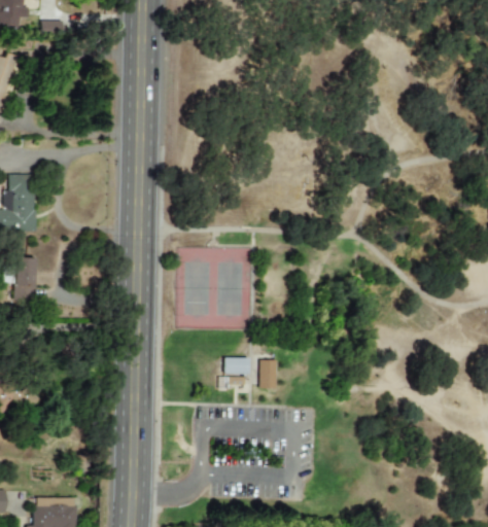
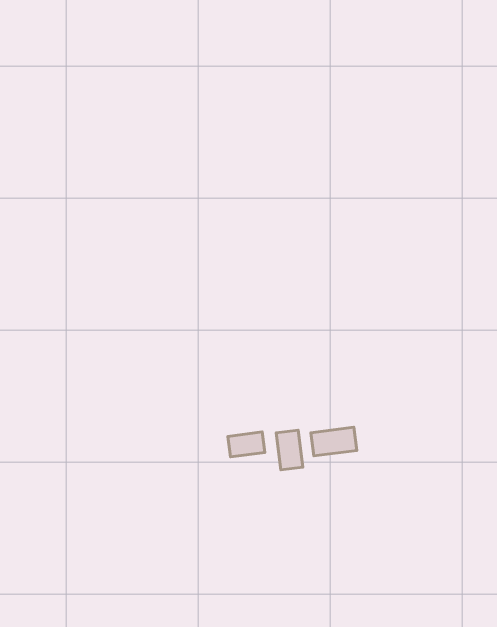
building: none -> [311,427,357,456]

